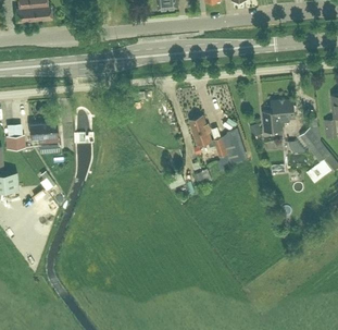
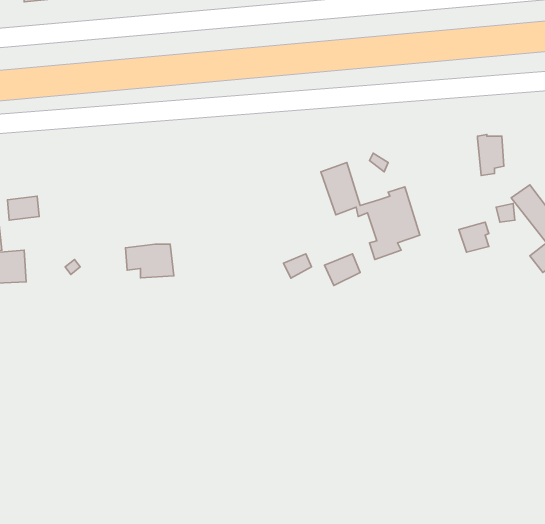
building: [264,101,283,132] -> none
building: [30,123,59,143] -> [125,244,174,278]

